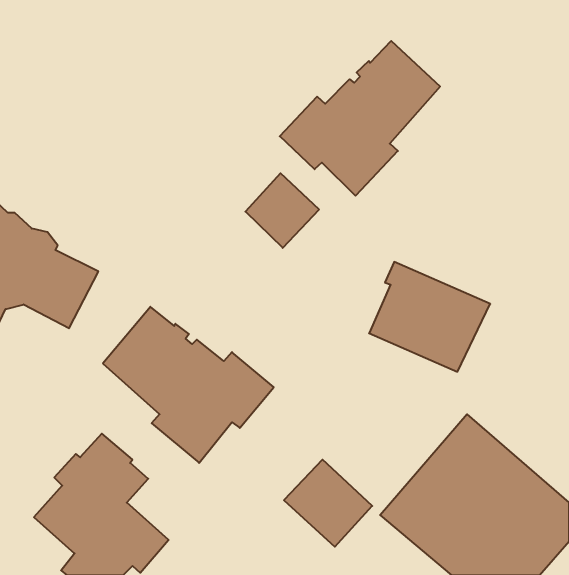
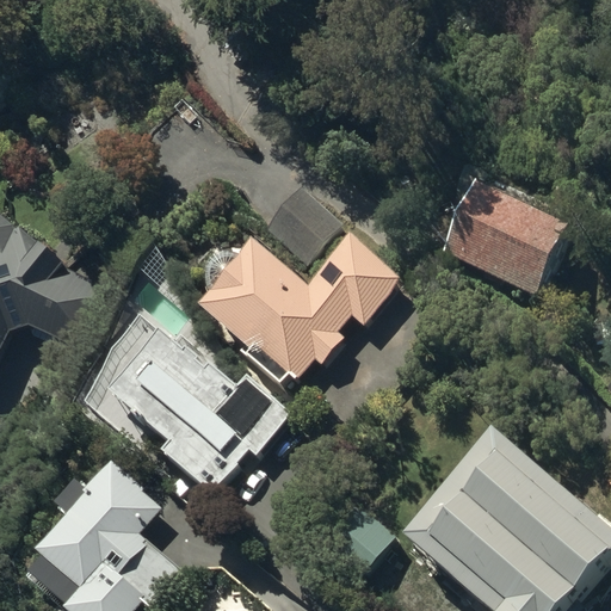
building: [280,41,440,196] -> none
building: none -> [198,240,401,390]
building: [369,262,490,372] -> [442,173,569,289]

